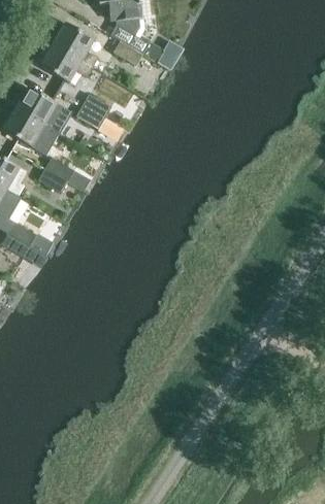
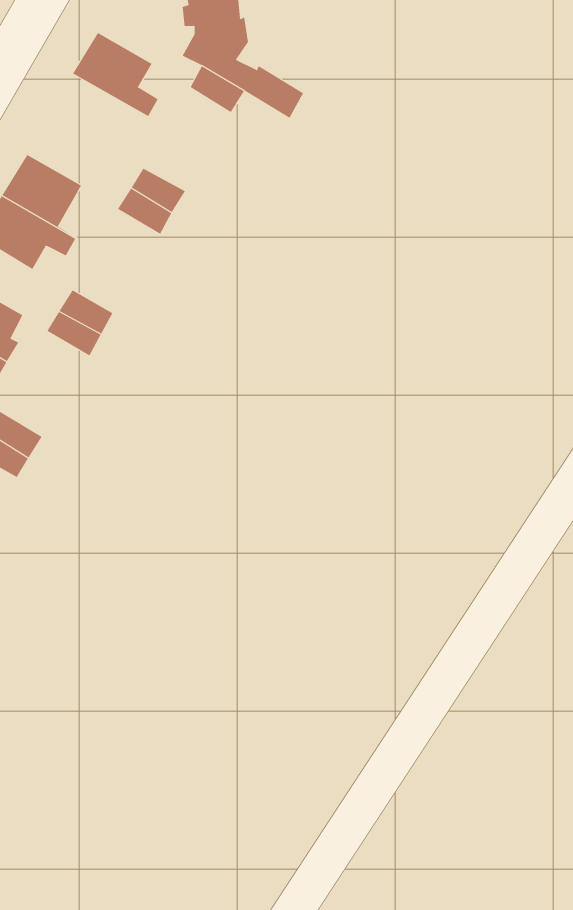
building: [39,43,92,82] -> none

